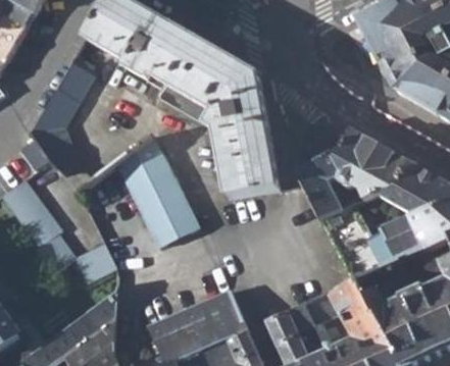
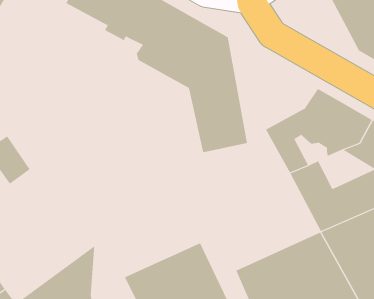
building: [31,63,93,174] -> none
building: [118,136,199,246] -> none
building: [27,213,118,284] -> none

